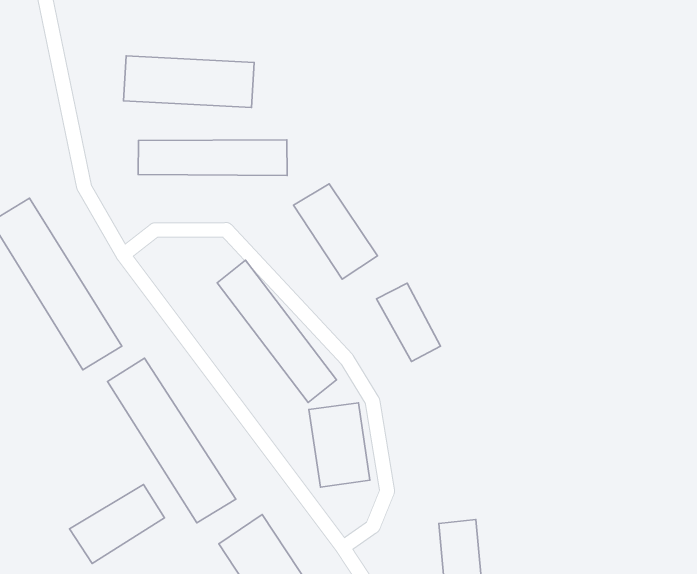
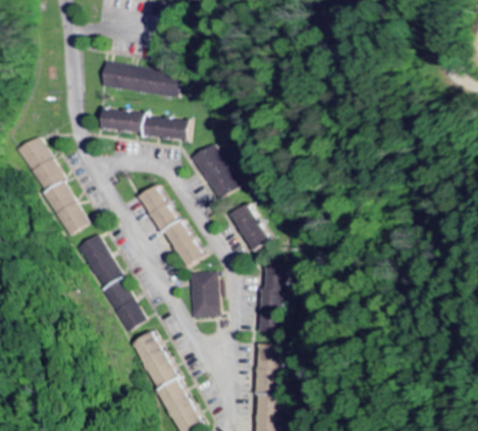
building: none -> [261,268,281,333]
building: [70,484,164,563] -> none

